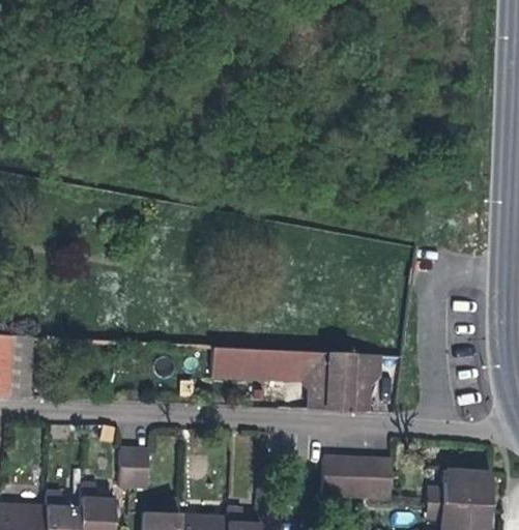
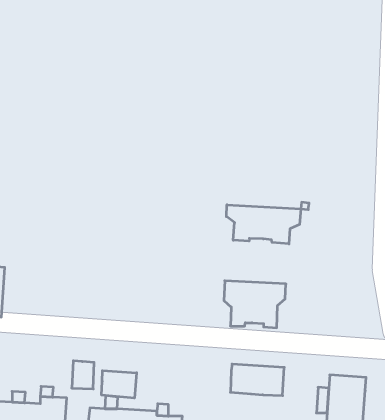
building: none -> [226,205,301,244]
building: [211,346,311,386] -> none
building: none -> [102,371,137,398]

